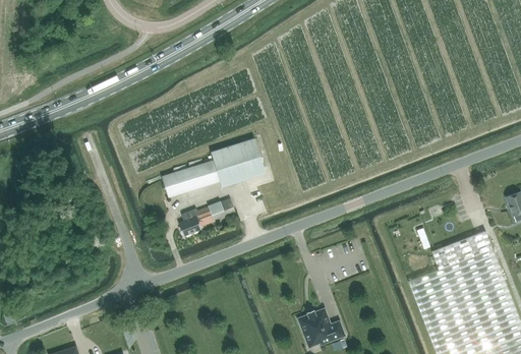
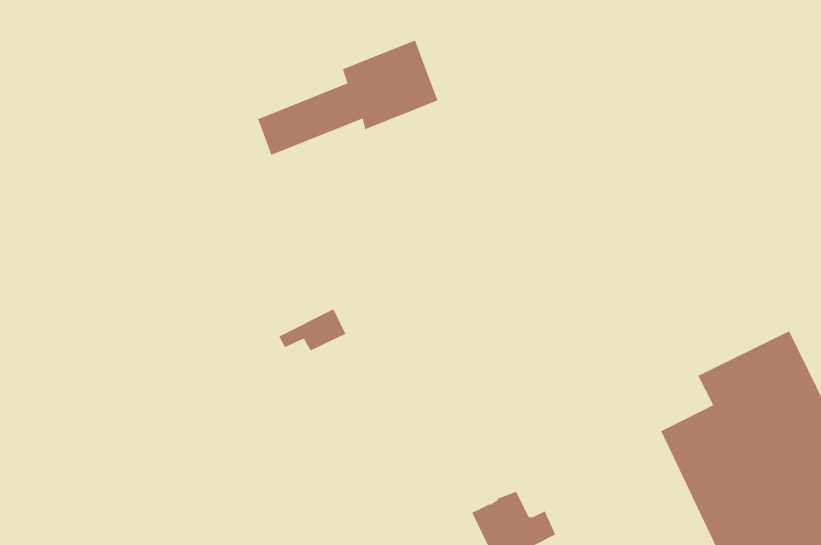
building: [163,138,266,197] -> [257,39,439,156]
building: [179,208,202,235] -> none

